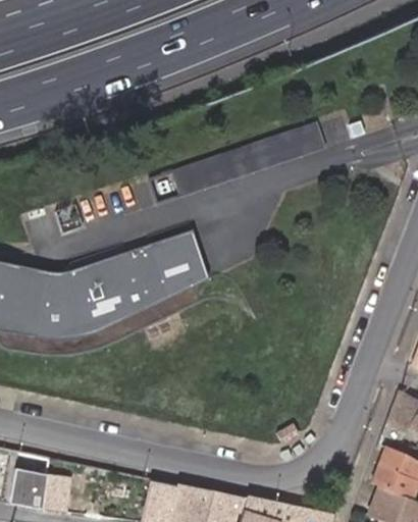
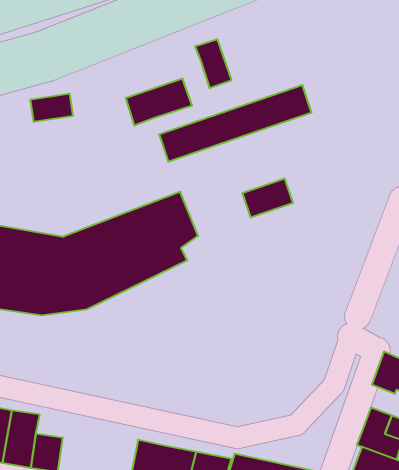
building: none -> [195,39,231,88]
building: none -> [126,78,192,126]
building: none -> [30,94,73,122]
building: none -> [243,179,293,217]

